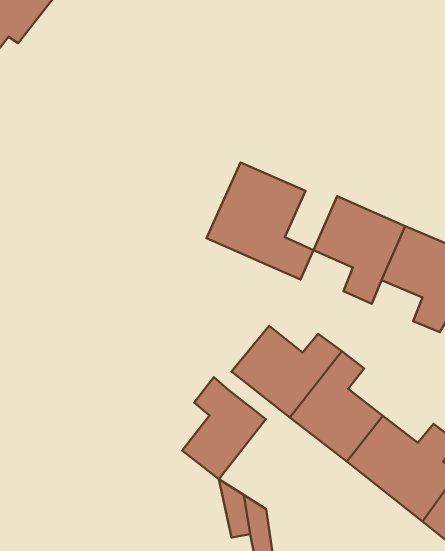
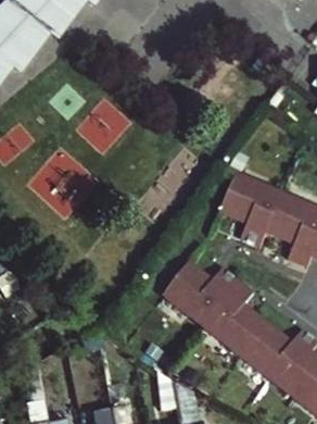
building: [207,163,313,280] -> none
building: [182,377,266,479] -> none

